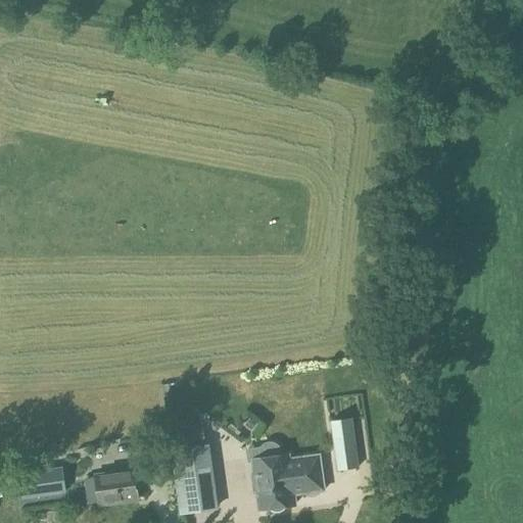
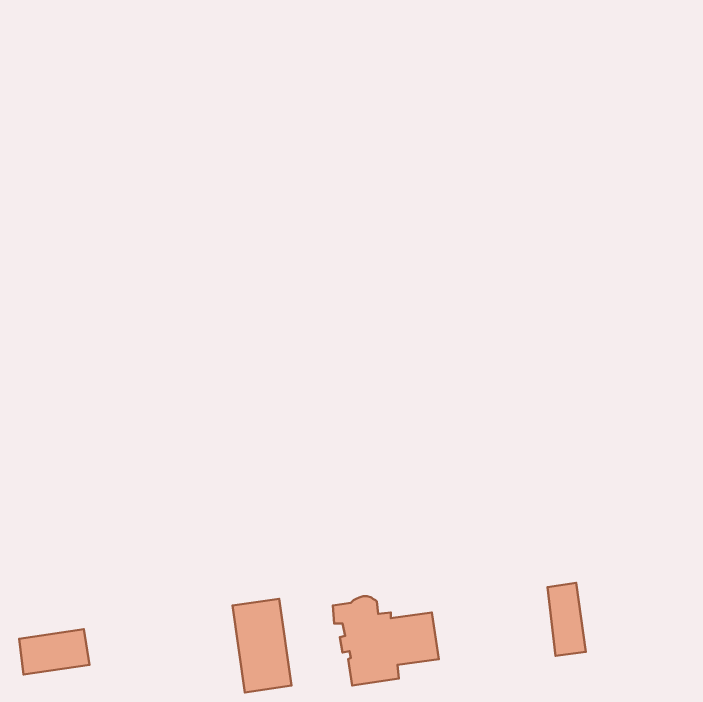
building: [330,418,359,472] -> [547,583,586,656]
building: [84,472,139,506] -> none

